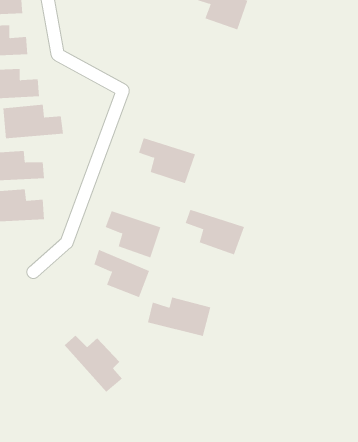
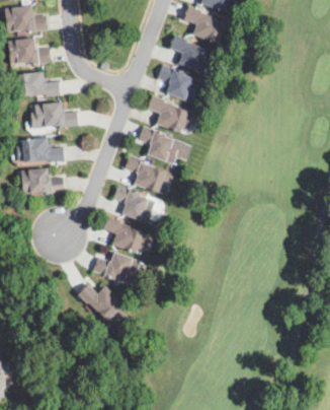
building: none -> [170,36,212,71]
building: none -> [156,64,200,101]
building: none -> [147,96,192,134]
building: [185,209,245,255] -> [123,157,171,194]
building: [147,297,211,336] -> [92,253,143,284]

